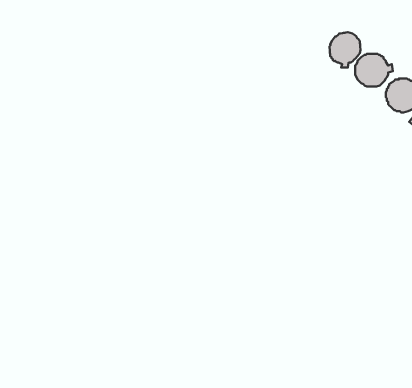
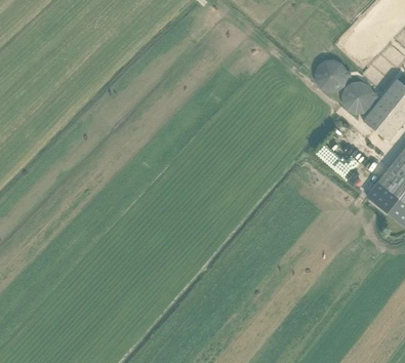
building: [329,32,361,67] -> none

